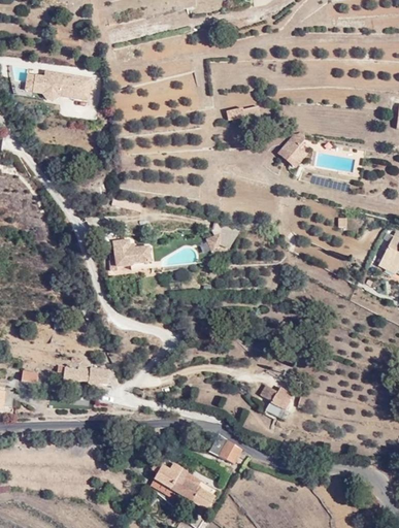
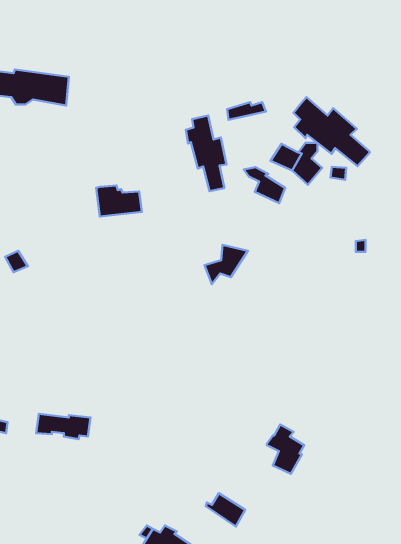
building: none -> [293,97,370,166]
building: none -> [186,115,227,191]
building: none -> [244,167,285,203]
building: [113,239,153,266] -> [96,185,142,217]

